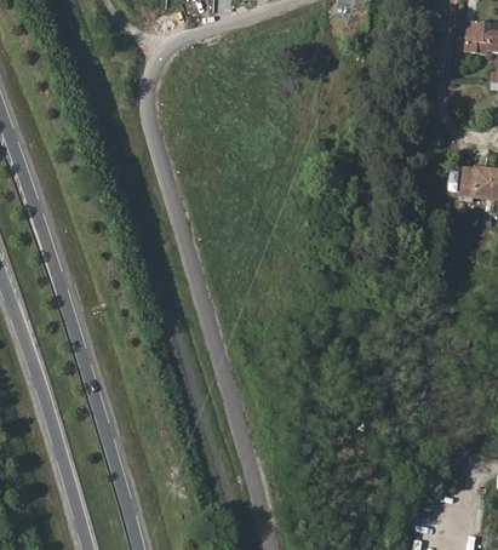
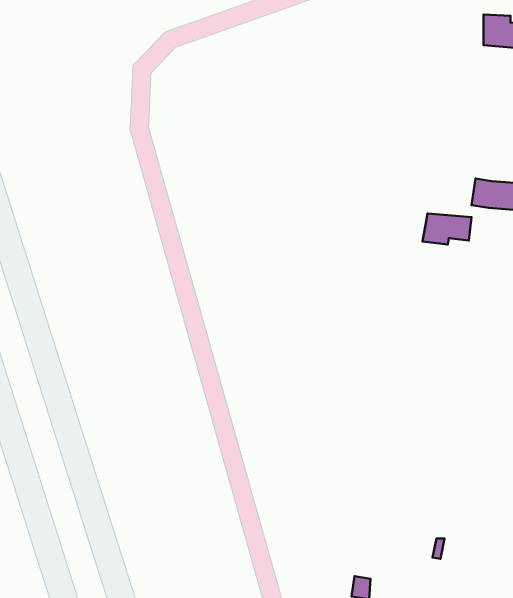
building: none -> [423,214,472,244]

